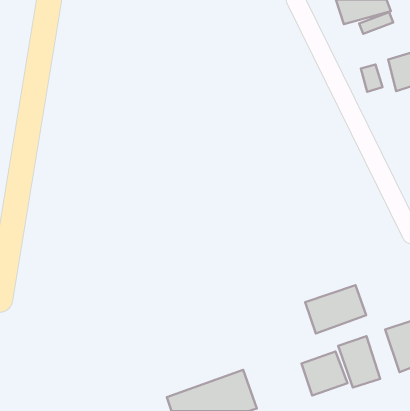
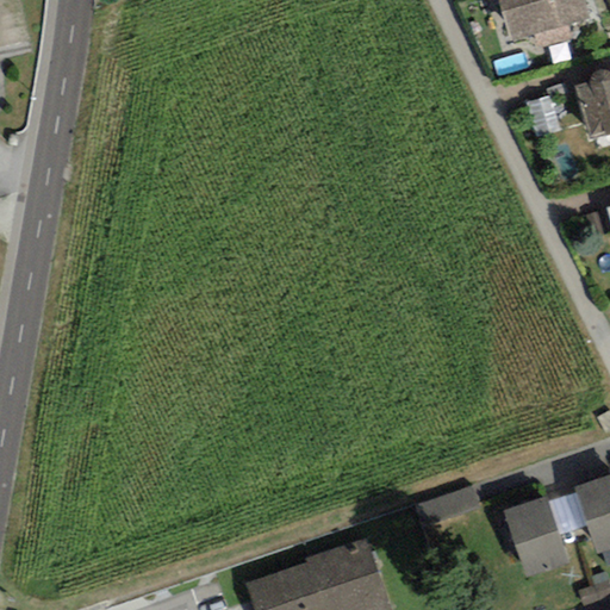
building: [305,285,366,334] -> none
building: [301,352,348,395] -> none

